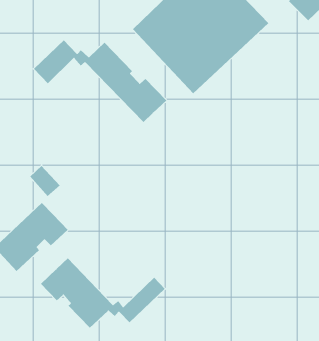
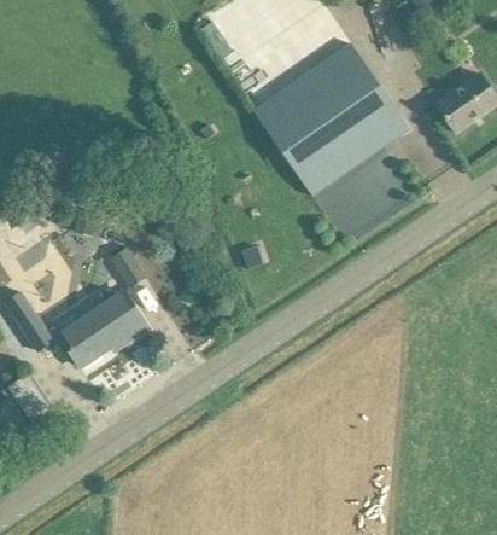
building: [33,40,167,123] -> none
building: [40,258,166,329] -> none

